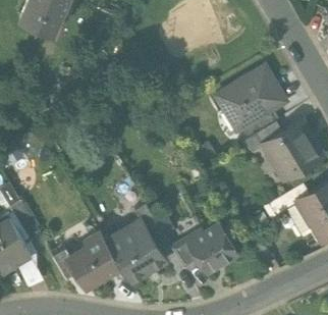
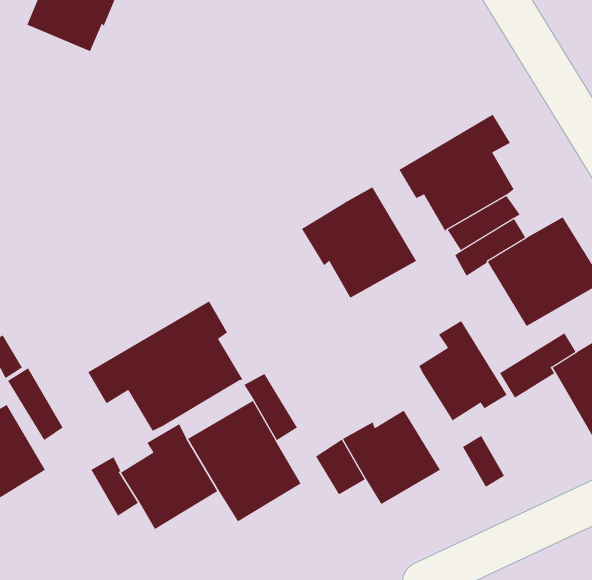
building: none -> [301,187,417,298]
building: none -> [88,300,243,431]
building: none -> [419,320,508,422]

